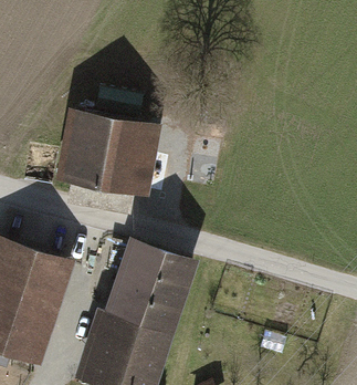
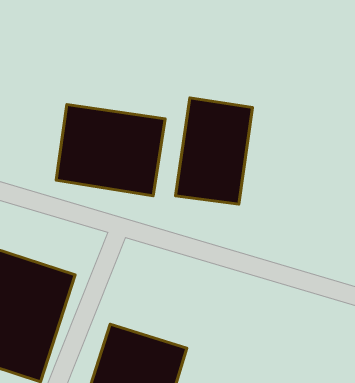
building: none -> [175,98,253,204]
building: [105,239,198,332] -> none

